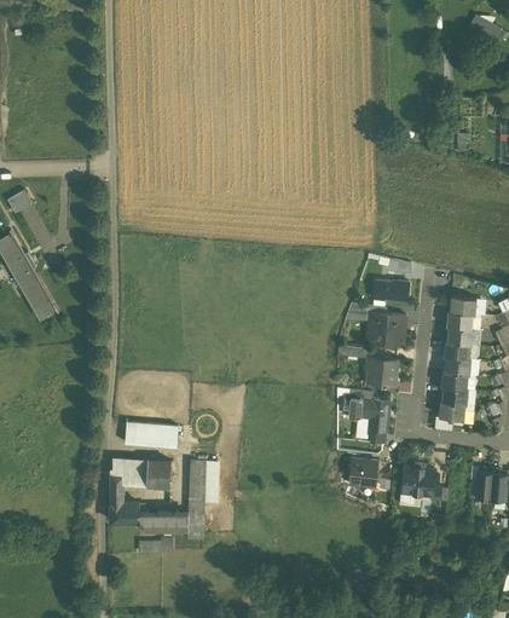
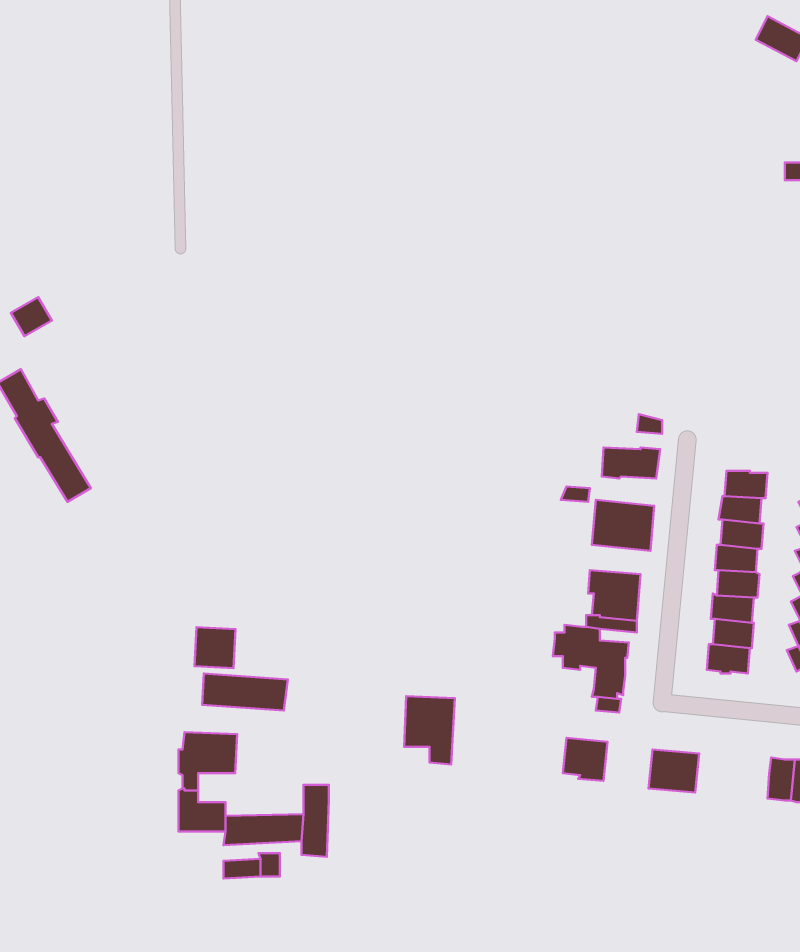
building: [146,460,172,485] -> [195,627,235,668]
building: [189,460,220,502] -> [404,696,455,764]

